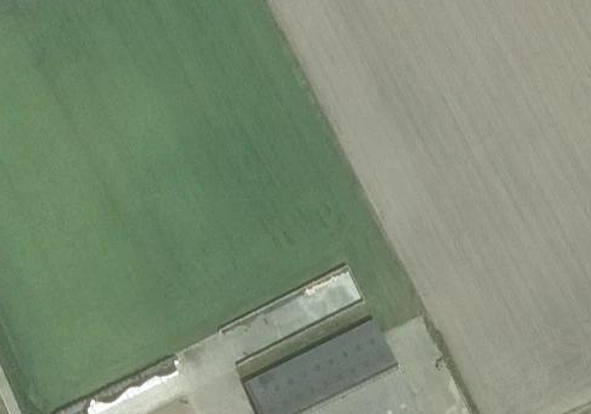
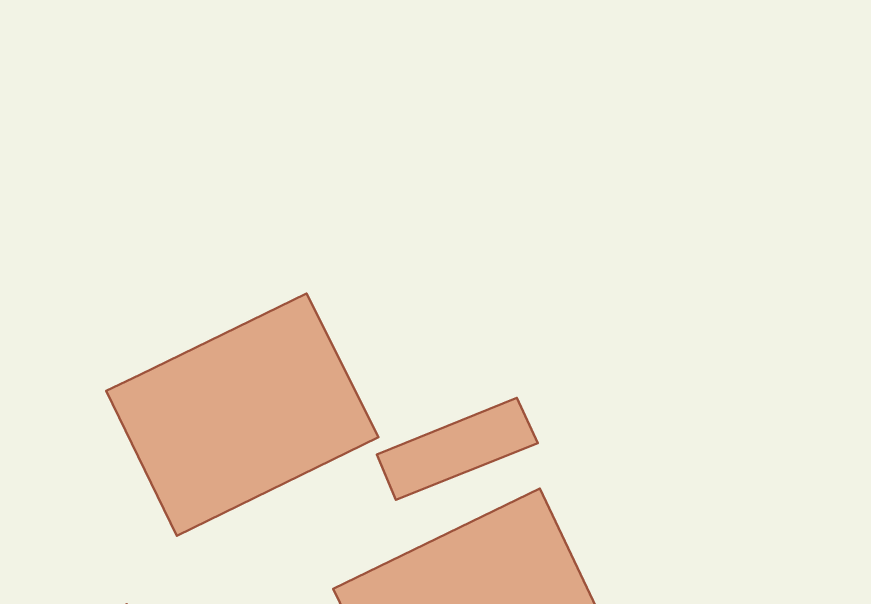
building: none -> [106,294,378,536]

